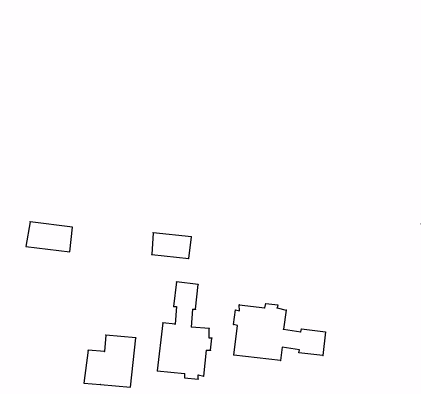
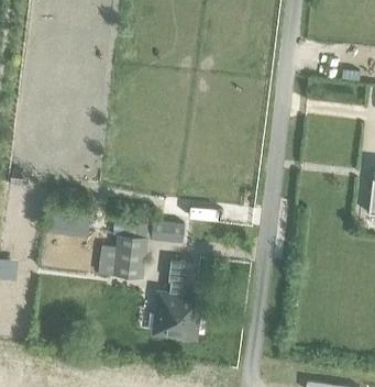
building: [234,304,325,361] -> none
building: [84,335,136,387] -> [99,236,141,278]

